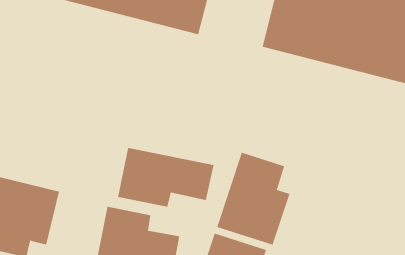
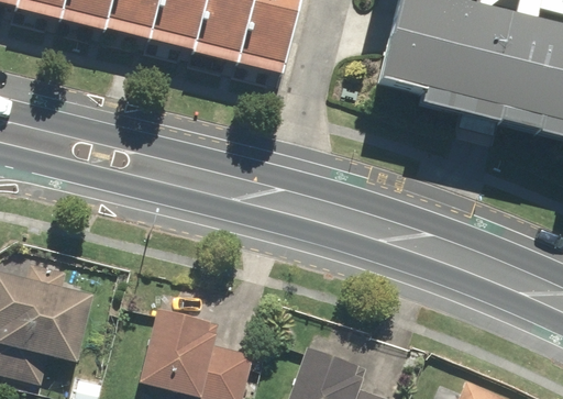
building: [118,147,214,207] -> none
building: [217,152,290,246] -> none

